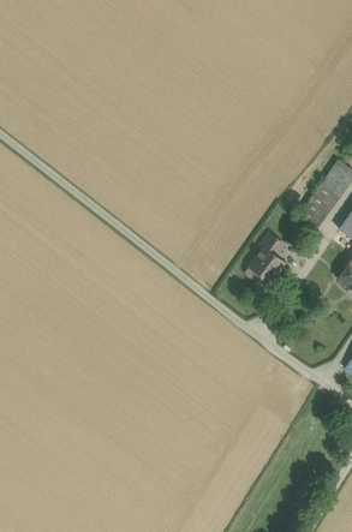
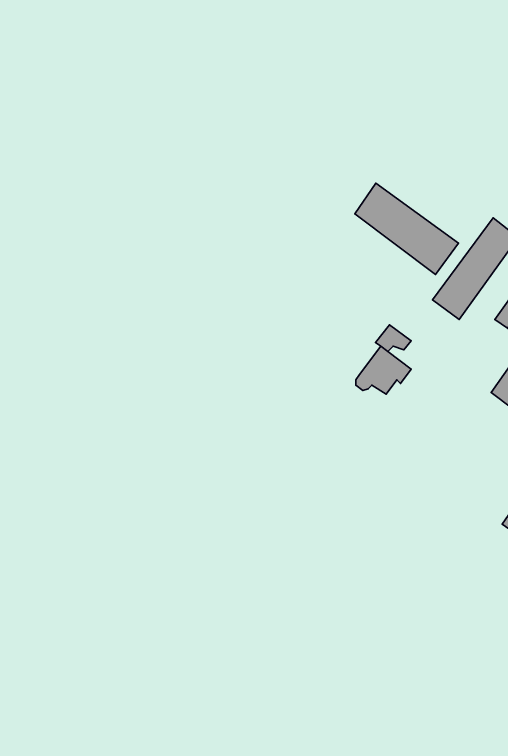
building: none -> [355,183,459,274]

